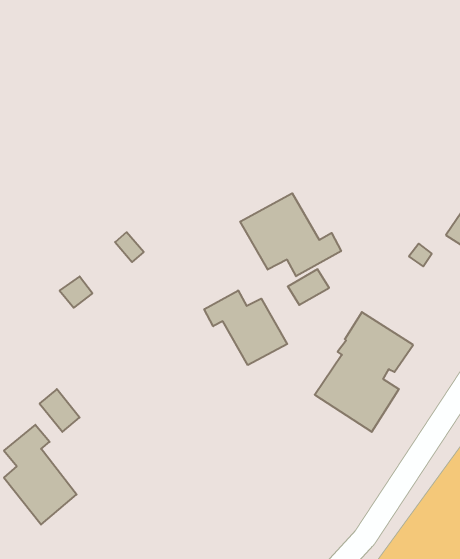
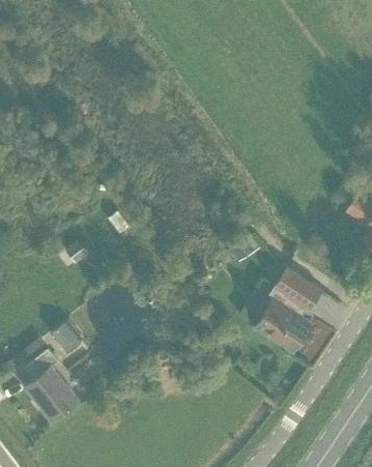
building: [240,193,341,276] -> none
building: [204,290,287,365] -> none

